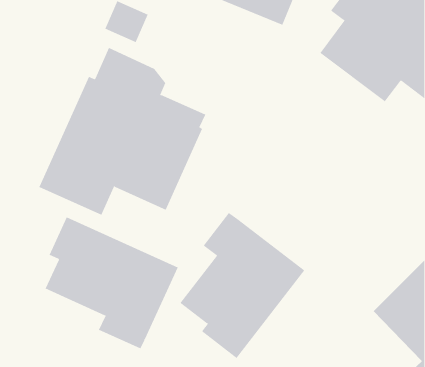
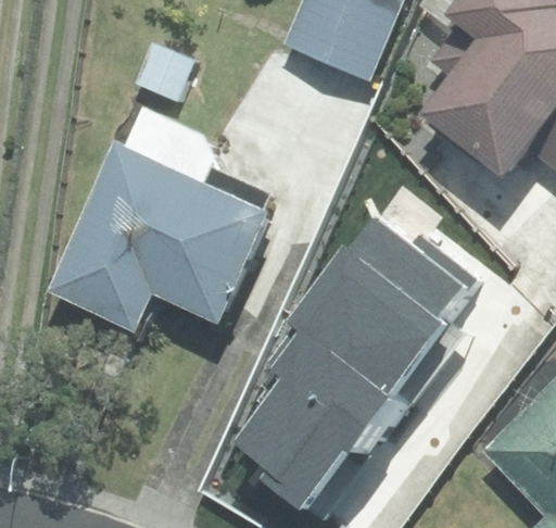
building: none -> [288,219,481,398]
building: [45,217,178,349] -> none

